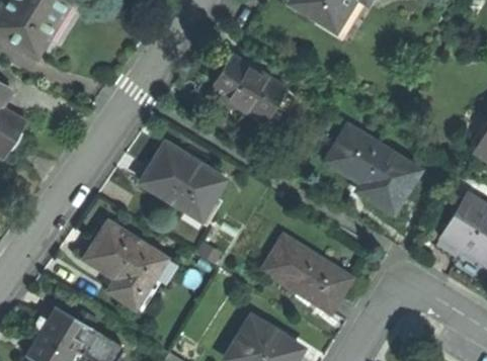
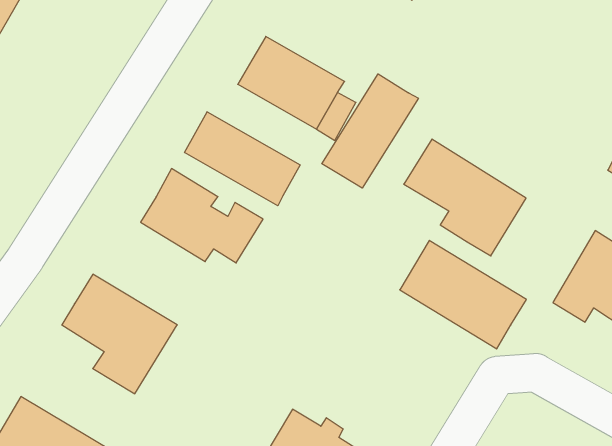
building: none -> [322,74,418,188]
building: none -> [185,112,300,206]
building: [263,235,354,312] -> [400,240,526,349]

